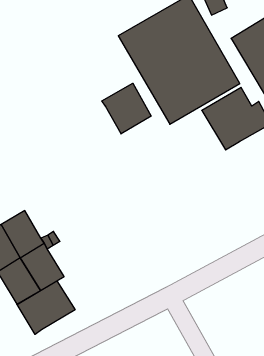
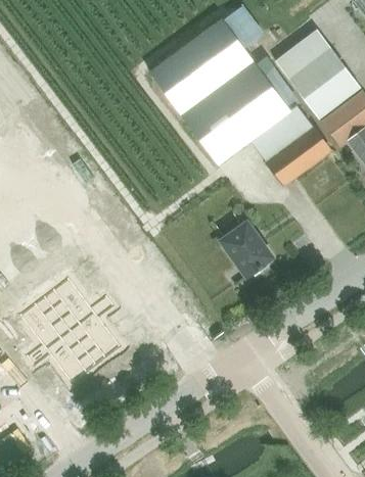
building: [102,83,151,134] -> none
building: none -> [222,223,271,277]
building: [17,281,75,334] -> none

